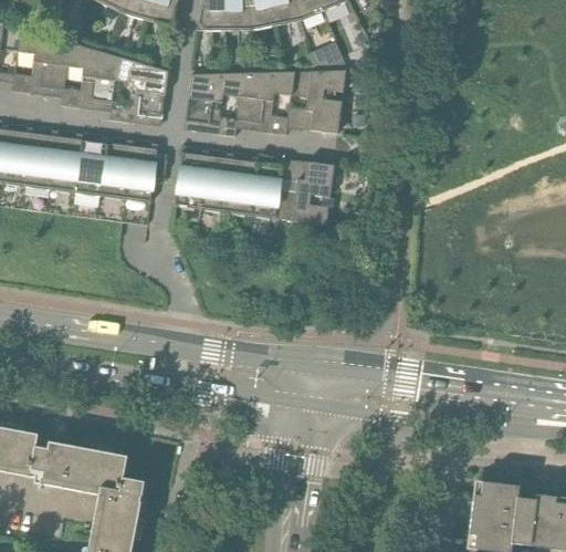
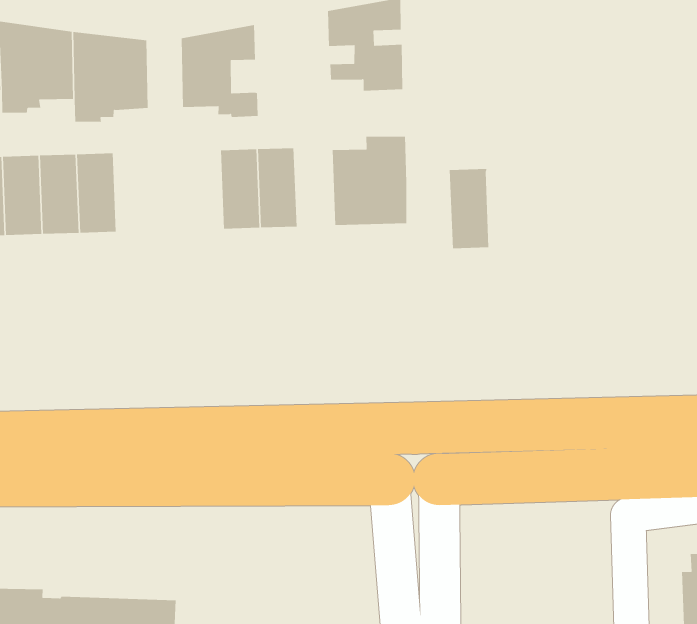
building: [237,72,294,135] -> none
building: [126,145,158,202] -> none
building: [174,152,206,209] -> none
building: [250,162,283,219] -> [449,168,489,249]

